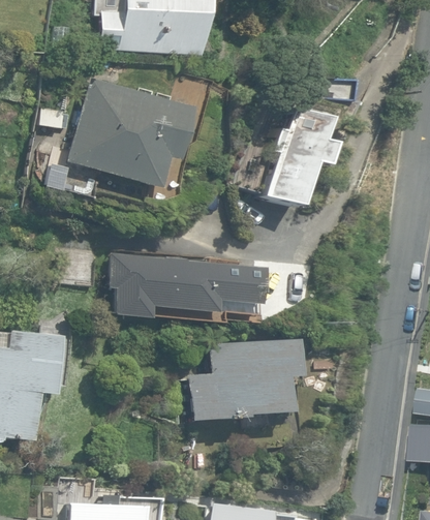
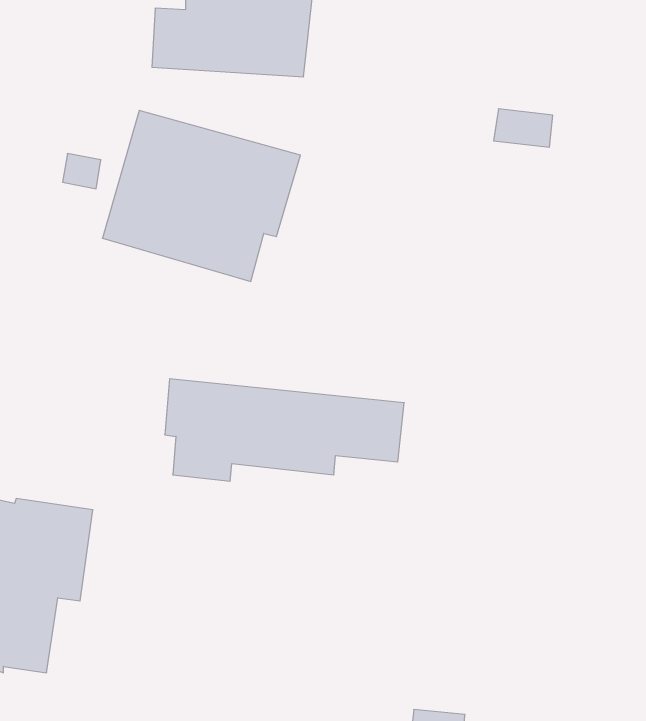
building: [262,108,326,208] -> none
building: [188,339,305,421] -> none

